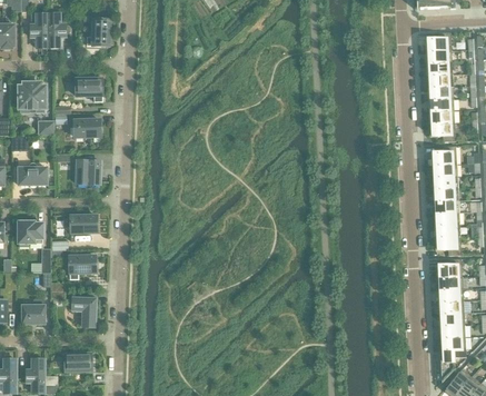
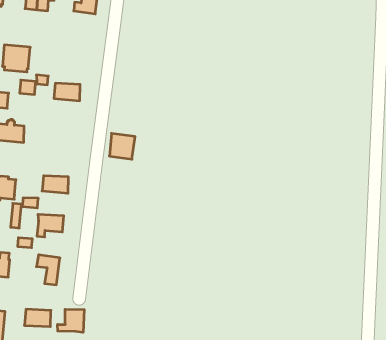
building: [76,78,102,100] -> none
building: [77,159,101,184] -> [109,133,135,159]
building: none -> [58,309,84,332]

